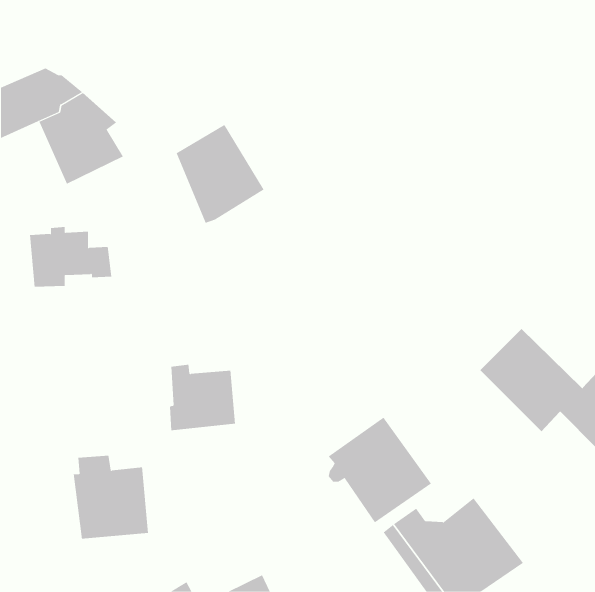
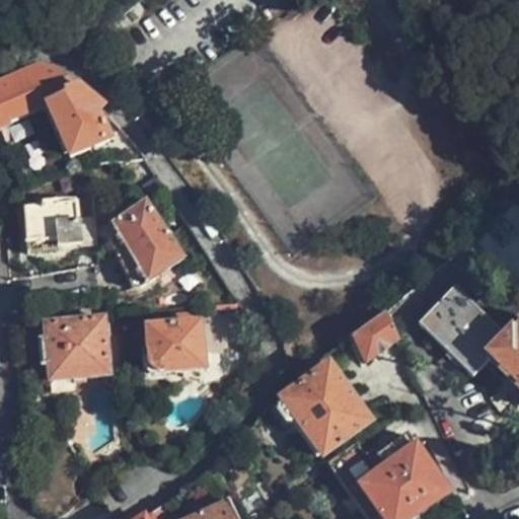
building: [176,124,265,223] -> [104,199,181,285]
building: none -> [353,314,395,359]
building: [73,455,149,539] -> [47,306,113,379]

